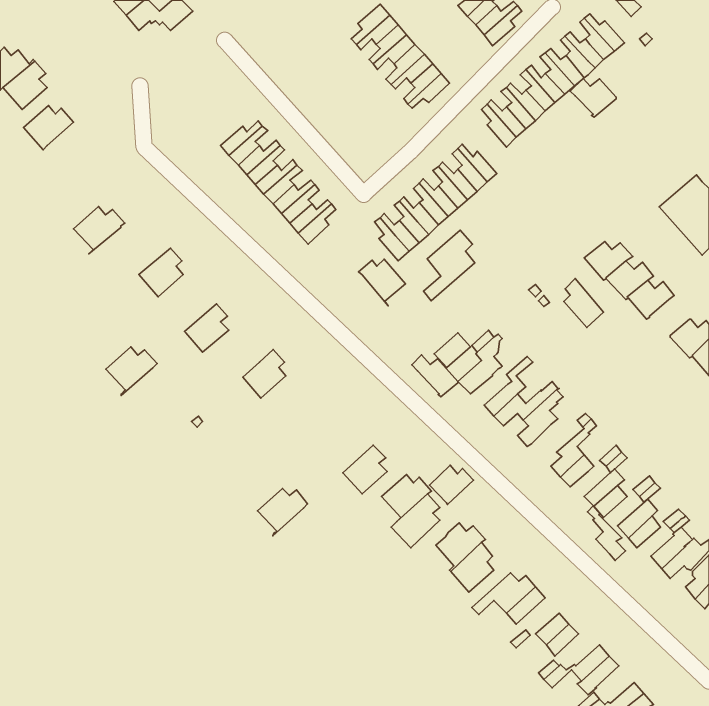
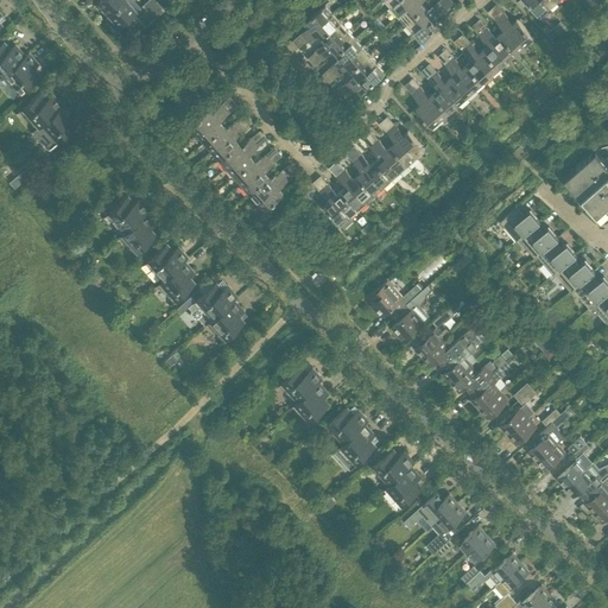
building: [570,79,616,117] -> none
building: none -> [40,103,77,145]
building: [74,207,125,254] -> [106,197,150,238]
building: [424,230,475,301] -> none
building: [359,259,406,306] -> none
building: [564,279,604,327] -> none
building: none -> [556,259,596,292]
building: none -> [188,284,238,327]
building: [106,347,157,395] -> [145,245,189,286]
building: [412,355,458,397] -> none
building: none -> [451,362,496,393]
building: [430,465,473,504] -> none
building: [258,489,308,536] -> [280,367,323,407]
building: [587,506,625,561] -> none

